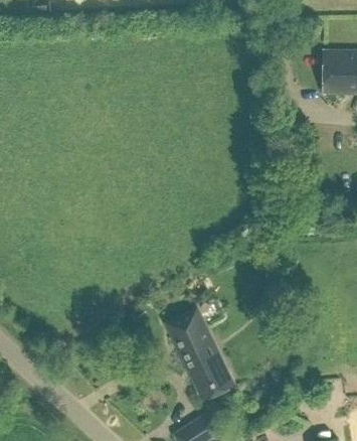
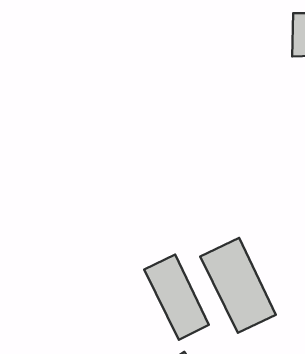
building: none -> [200,238,276,333]

